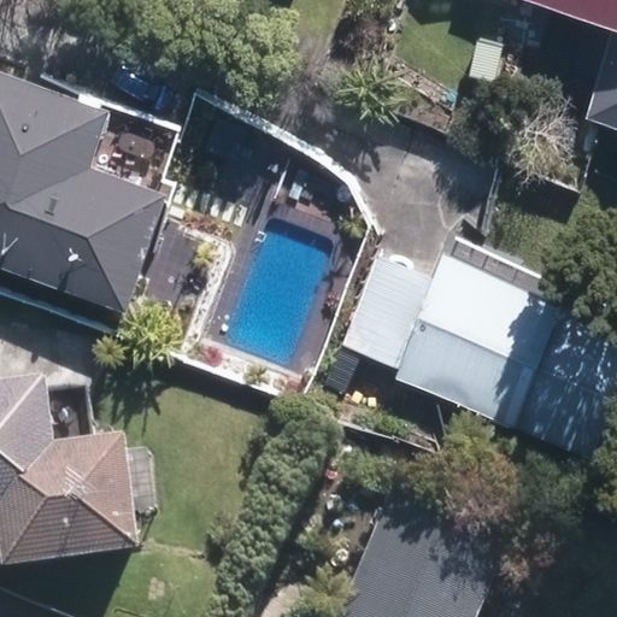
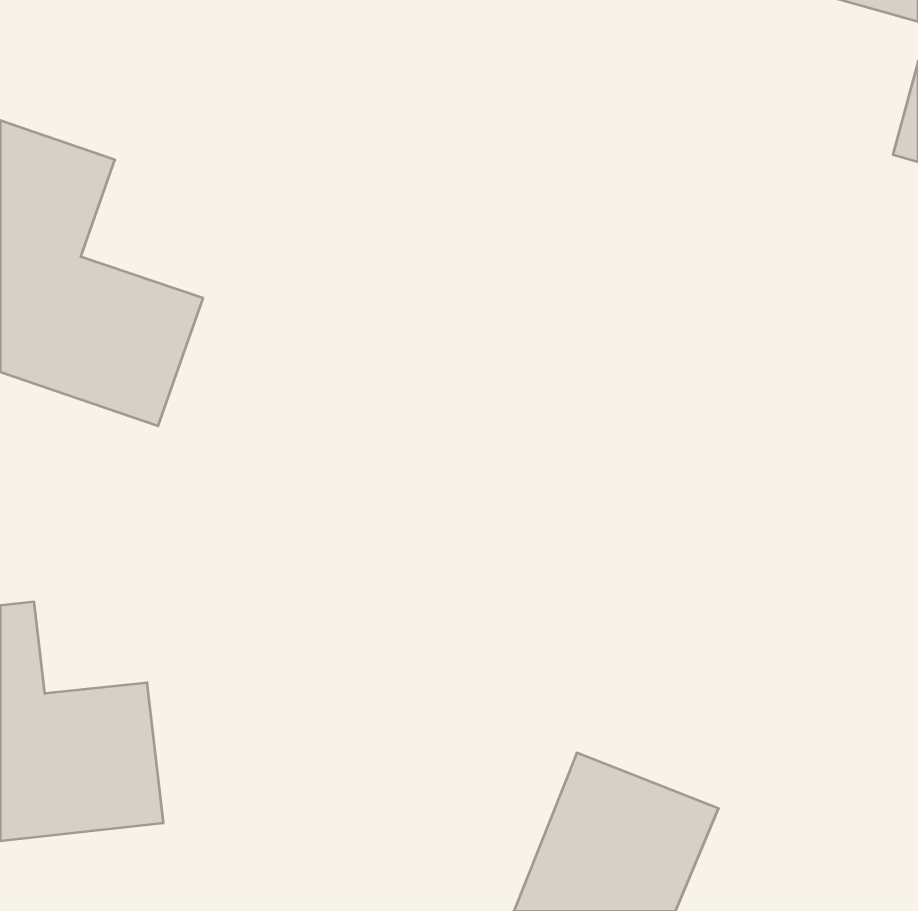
building: [399,260,600,436] -> none

